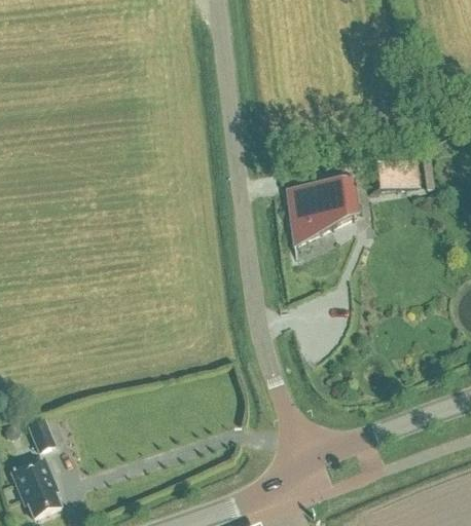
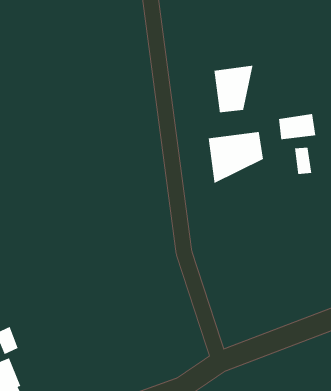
building: none -> [214,65,253,113]
building: none -> [295,147,312,175]

